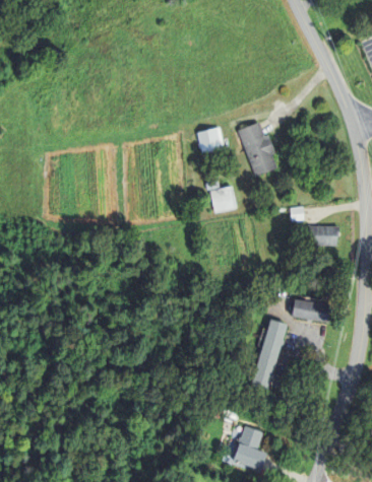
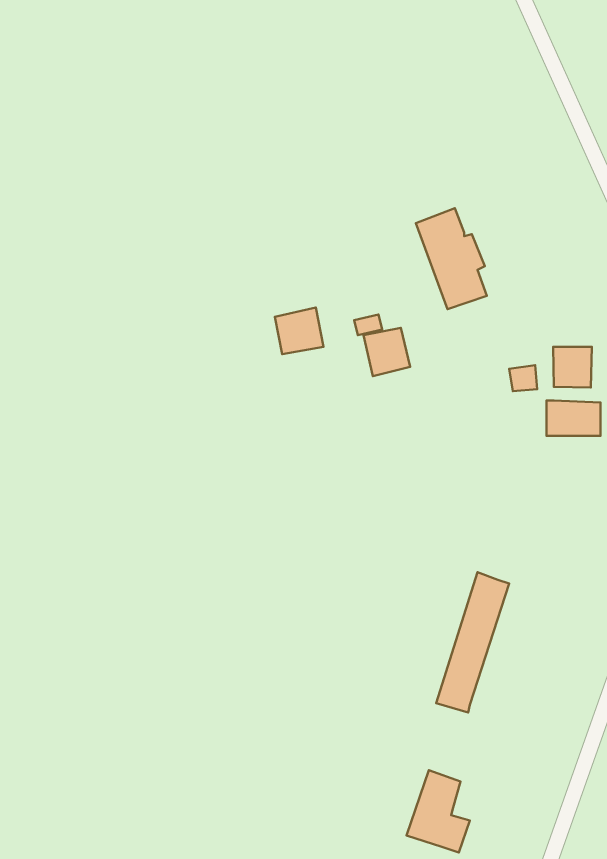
building: [197,127,224,152] -> [275,308,323,354]
building: none -> [553,347,592,387]
building: [292,299,332,323] -> none

